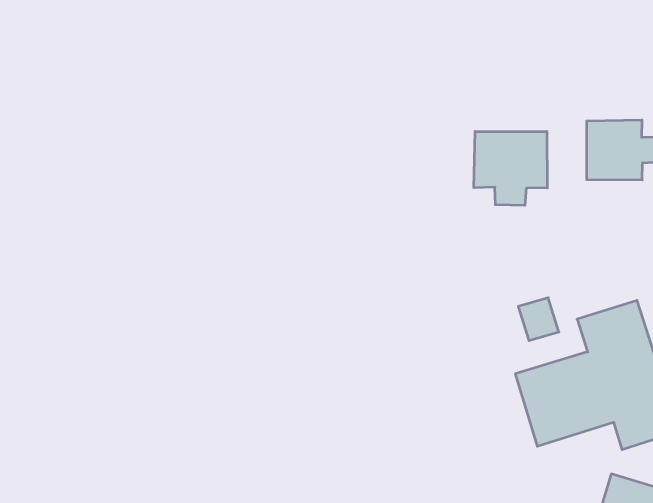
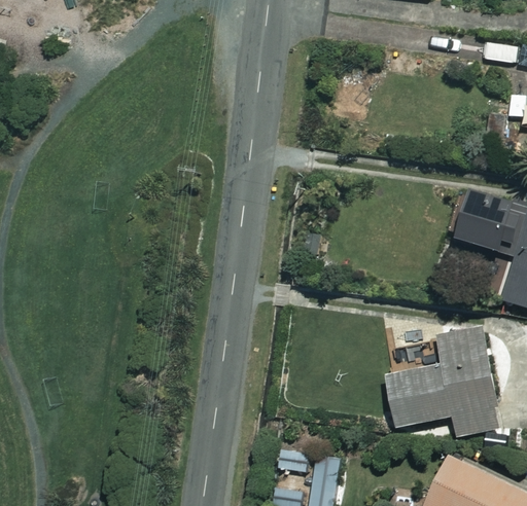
building: [474,131,547,205] -> none

